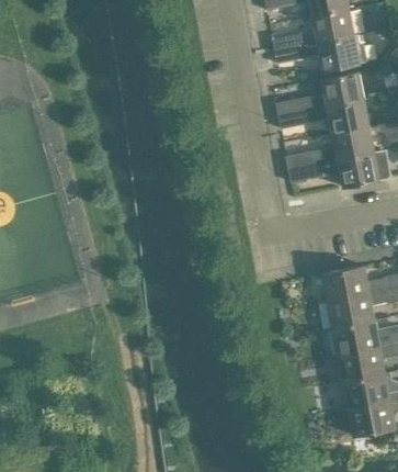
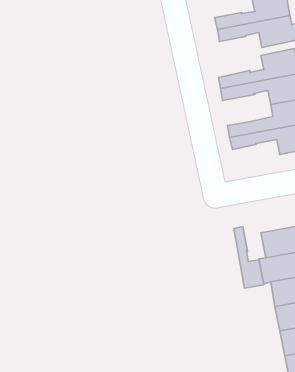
building: none -> [234,227,264,288]

